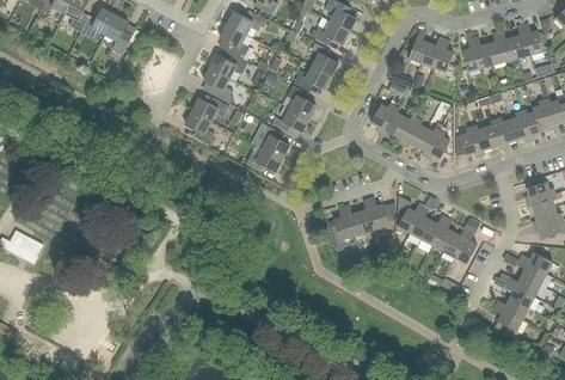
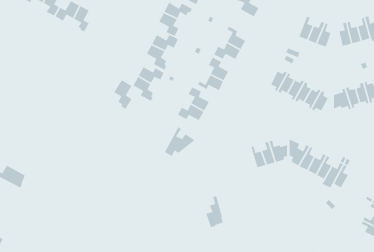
building: [309,20,349,44] -> none
building: none -> [113,79,133,110]
building: none -> [164,126,196,157]
building: [328,206,354,250] -> [205,196,224,228]

